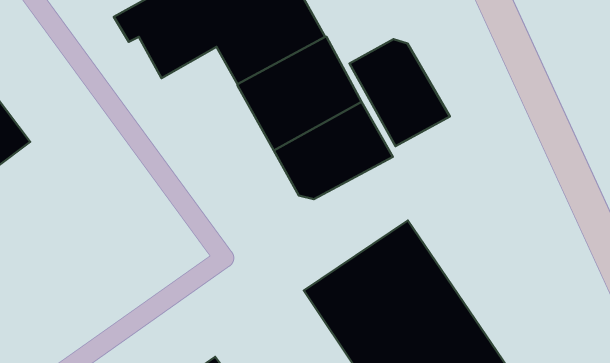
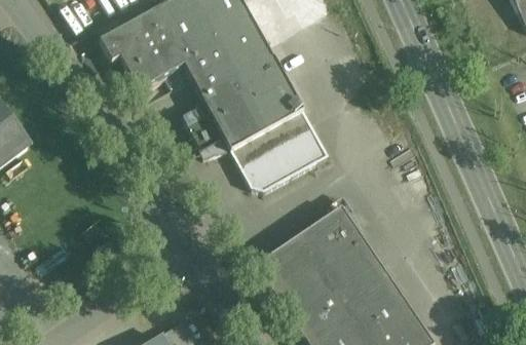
building: [350,39,450,146] -> none

